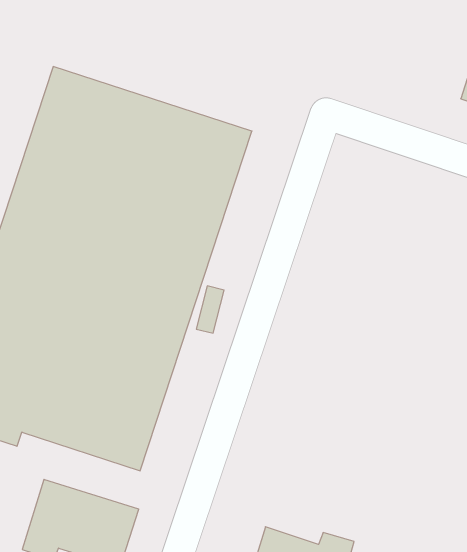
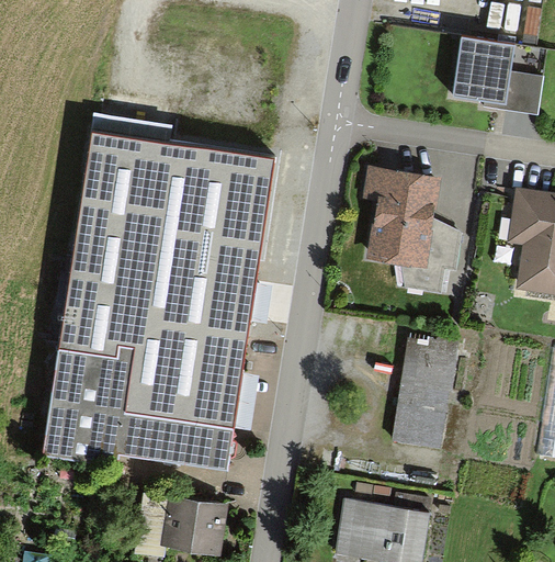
building: none -> [364,167,465,295]
building: none -> [392,333,463,451]

